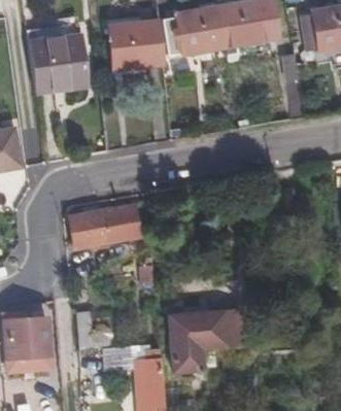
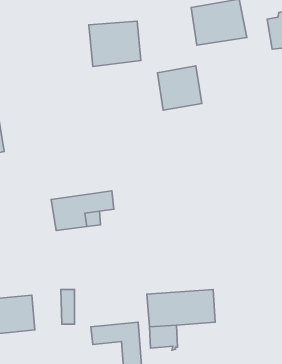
building: [175,9,223,57] -> [157,66,202,110]
building: [29,35,88,90] -> none

